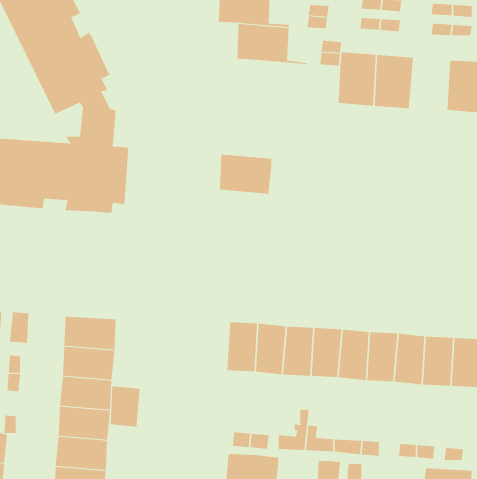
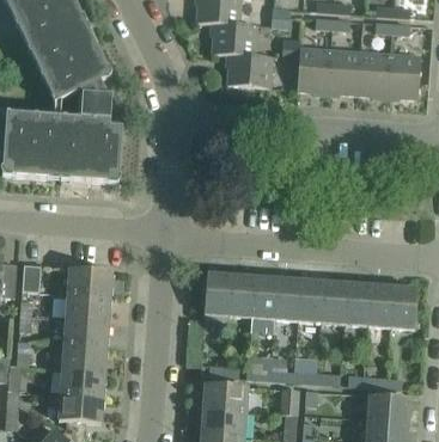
building: none -> [356,51,390,96]
building: [219,154,272,194] -> [227,54,272,87]
building: [110,385,140,427] -> none

